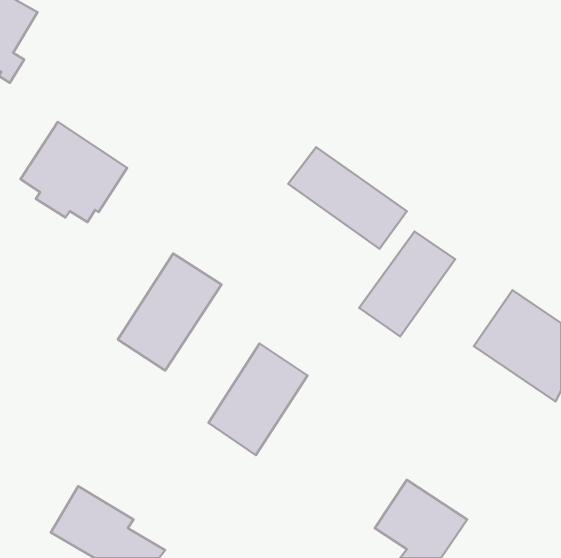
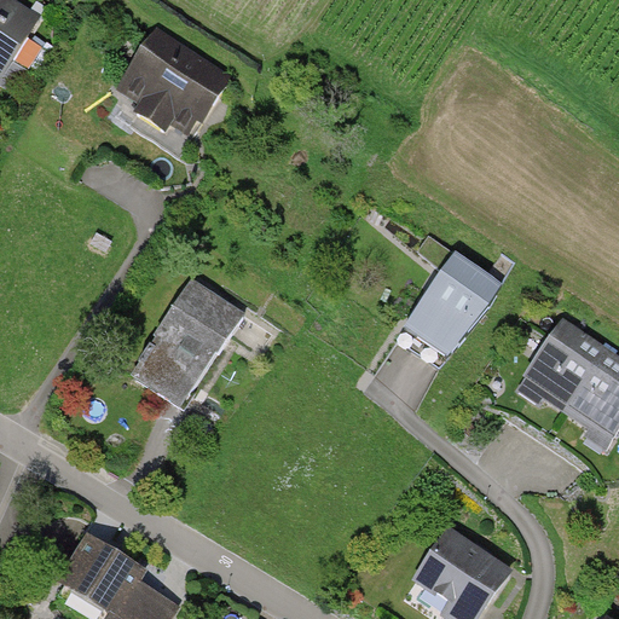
building: [20,122,127,222] -> [115,25,232,135]
building: [288,147,407,249] -> none
building: [209,344,308,455] -> none

